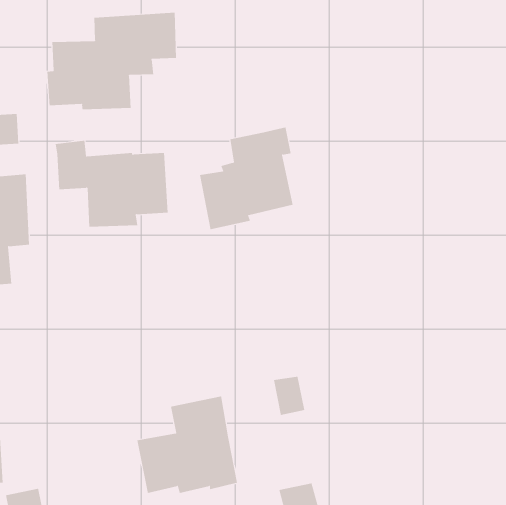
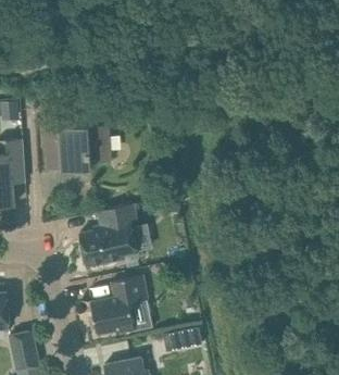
building: [47,12,177,110] -> none
building: [199,127,293,230] -> [79,204,137,267]

